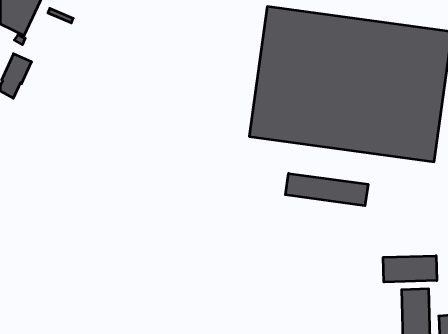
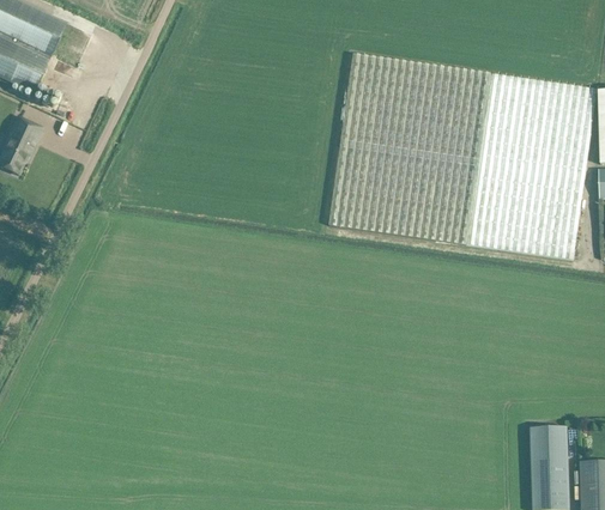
building: [285,173,368,206] -> none
building: [383,256,437,282] -> none

